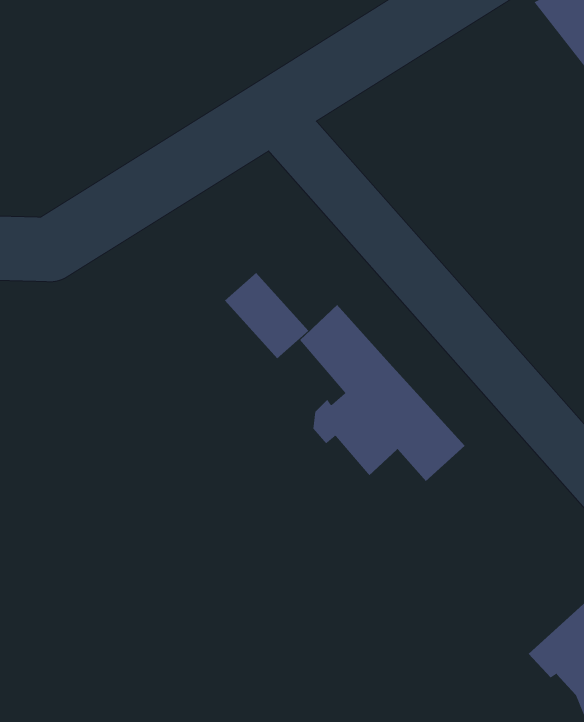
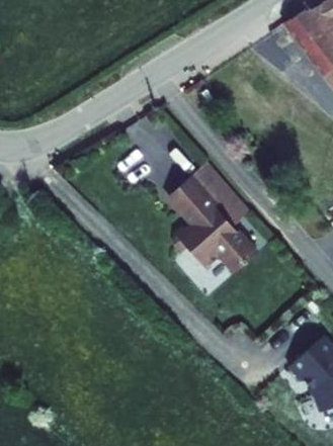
building: [224,272,309,359] -> [183,164,229,210]

